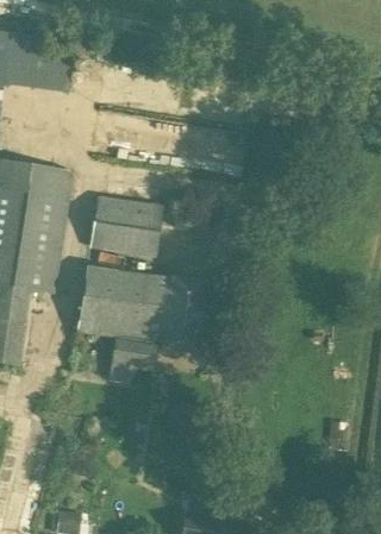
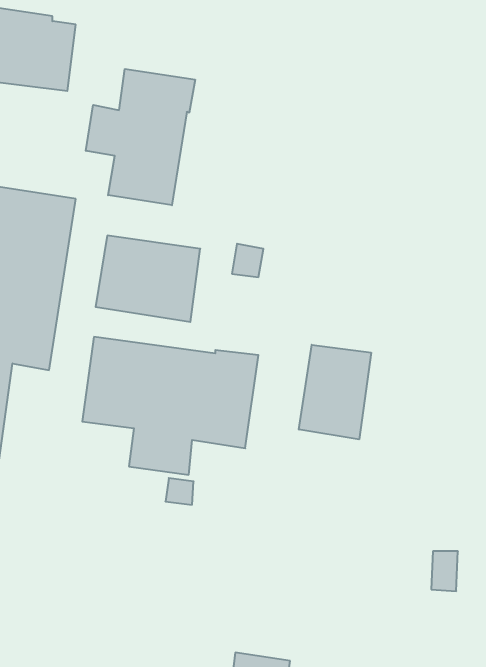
building: none -> [86,69,195,205]
building: none -> [299,345,371,439]

